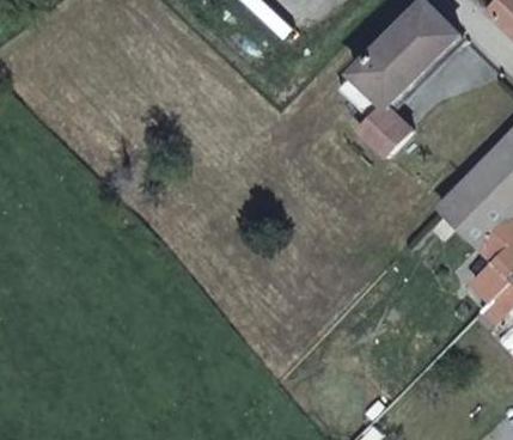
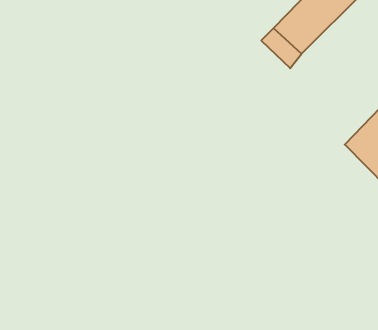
building: [362,103,413,154] -> none

